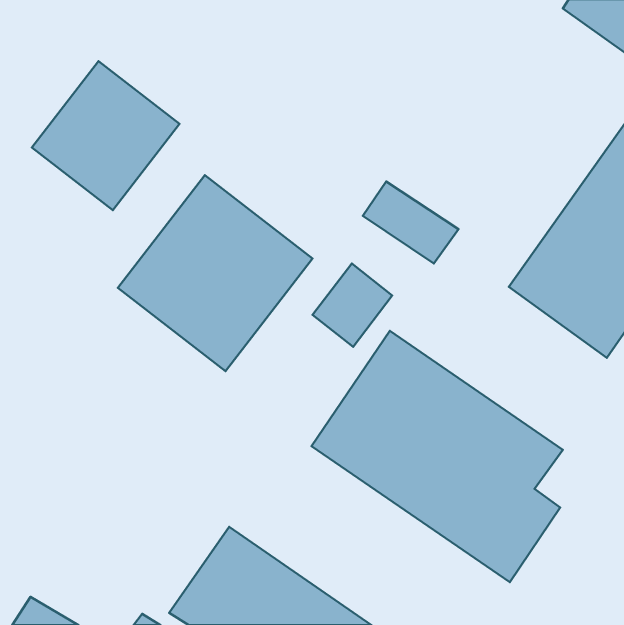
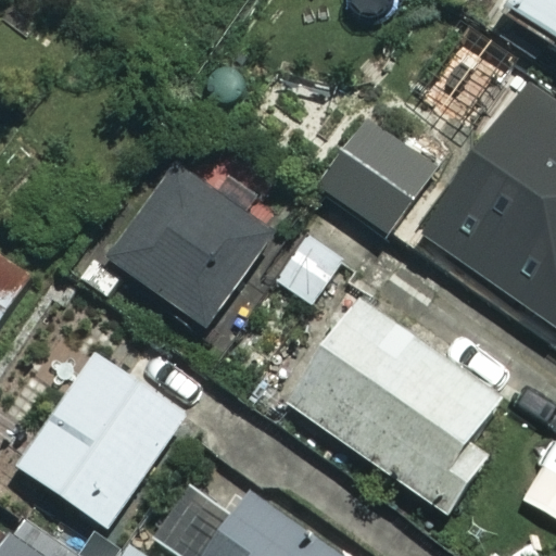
building: [32,61,180,210] -> none
building: none -> [13,351,187,529]

